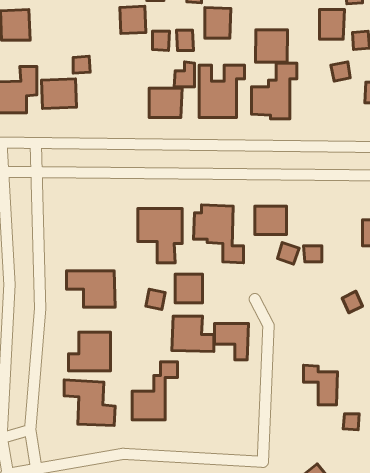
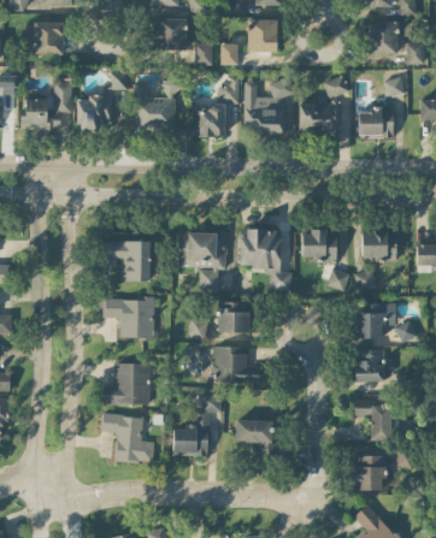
building: [256,30,288,62] -> none
building: none -> [132,83,176,134]
building: none -> [359,106,394,136]
building: none -> [363,231,397,260]
building: none -> [104,241,151,282]
building: none -> [359,302,396,338]
building: none -> [355,349,385,382]
building: [214,324,248,360] -> [237,420,273,459]
building: none -> [357,455,388,490]

